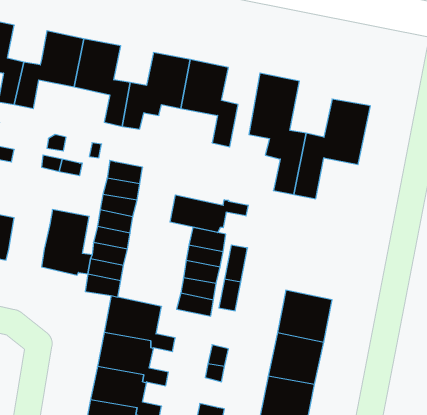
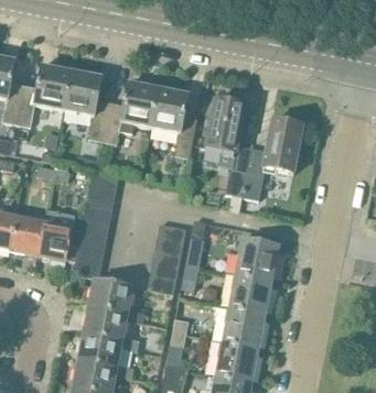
building: [170,195,248,233] -> none
building: none -> [9,215,44,254]
building: none -> [235,238,279,281]

